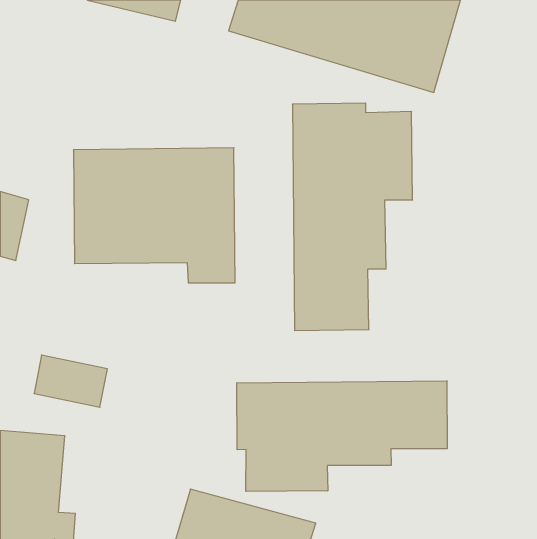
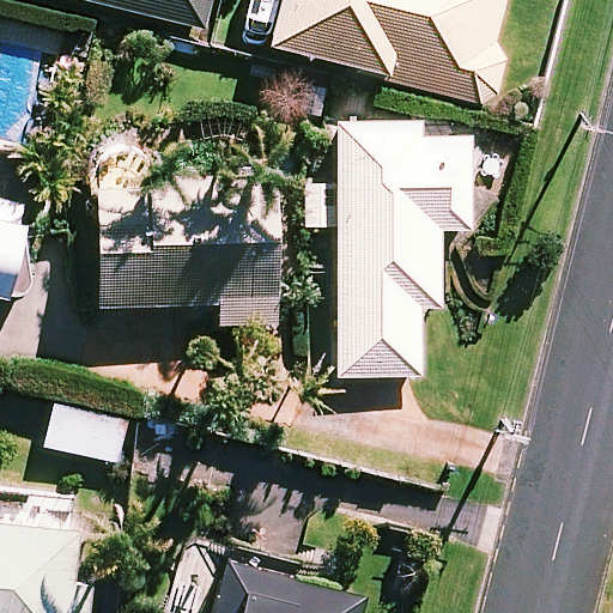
building: [237,381,447,491] -> none

